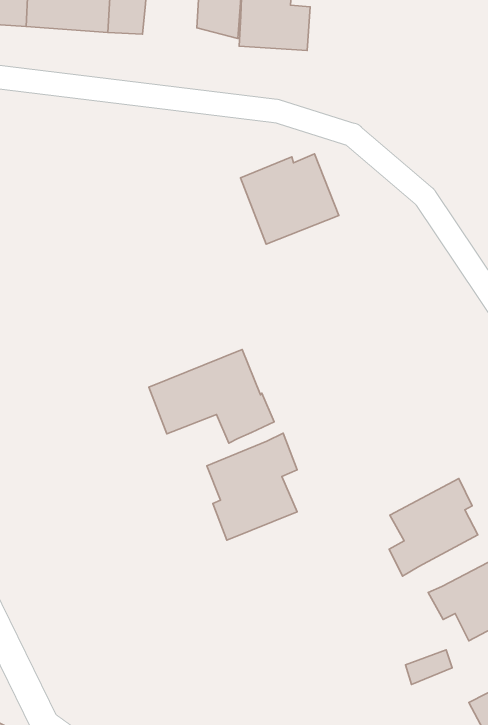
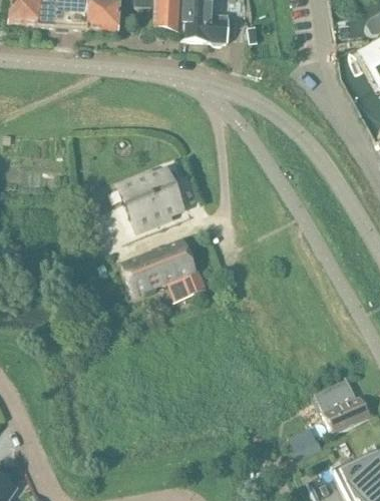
building: [240,154,339,244] -> [118,167,183,227]
building: [207,433,297,540] -> none
building: [389,479,478,576] -> none

